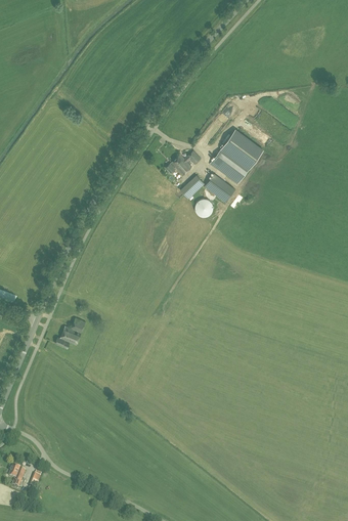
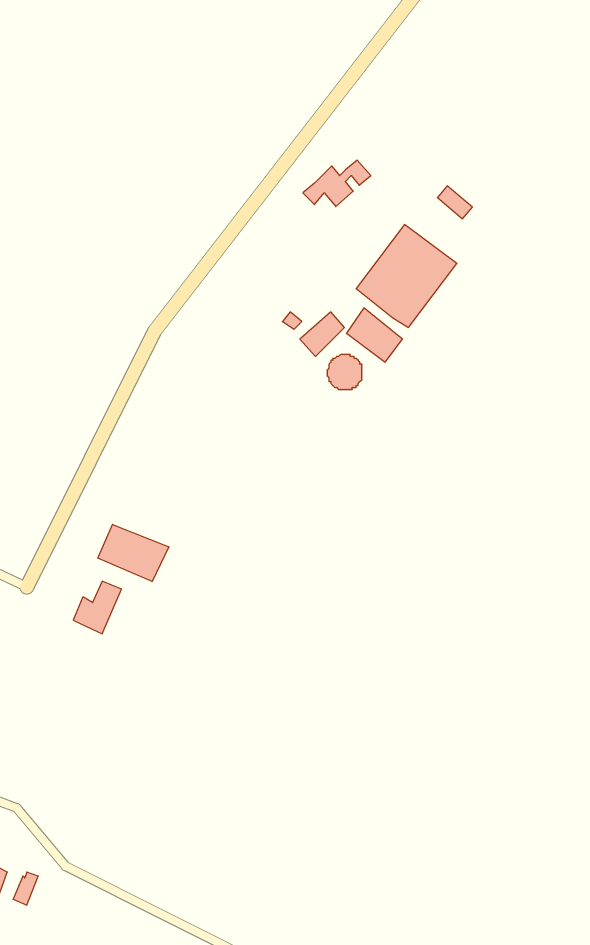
building: [165,150,201,175] -> [303,160,371,207]
building: none -> [98,524,169,582]

